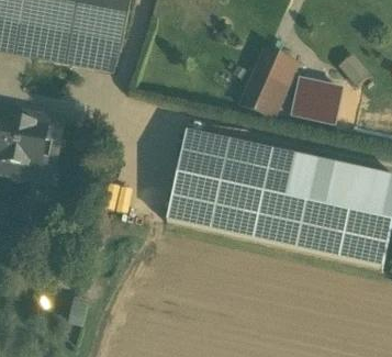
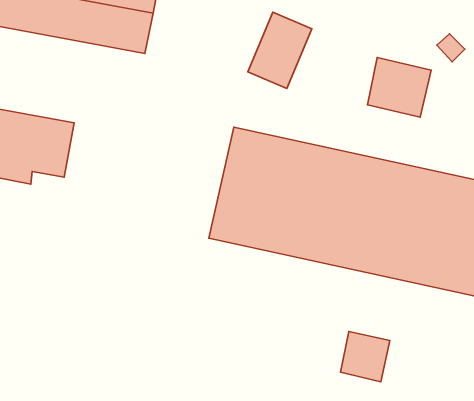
building: [247,54,298,114] -> [248,12,312,88]
building: none -> [340,332,390,382]

